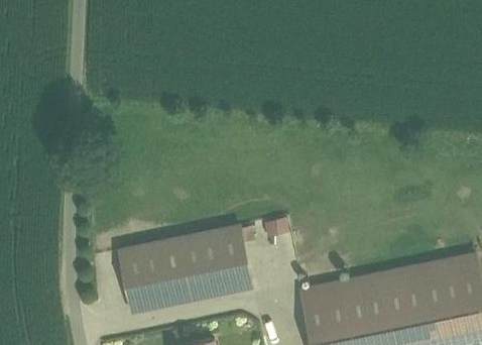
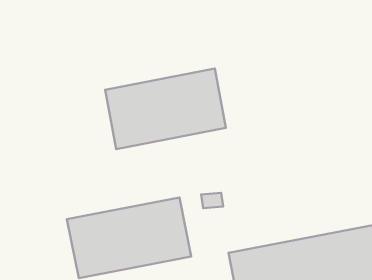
building: none -> [105,69,226,149]

